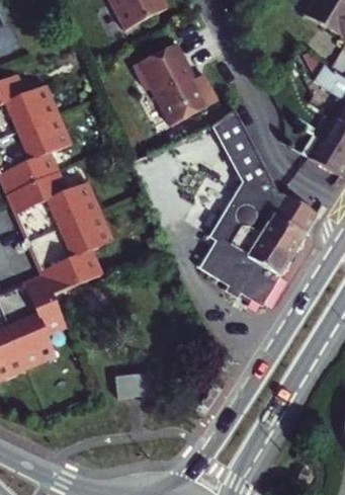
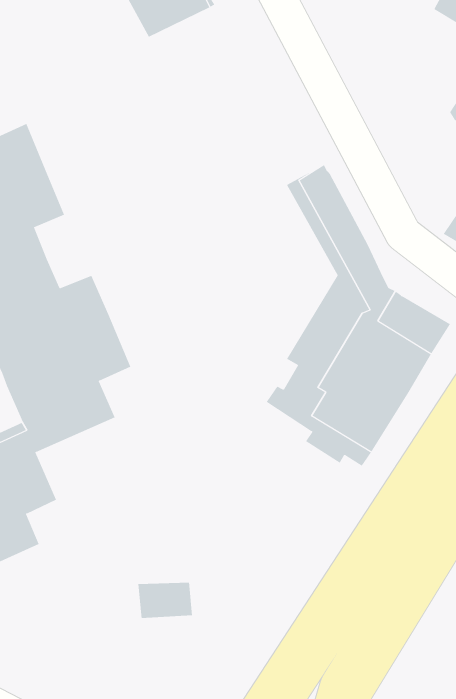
building: [131,44,214,126] -> none

